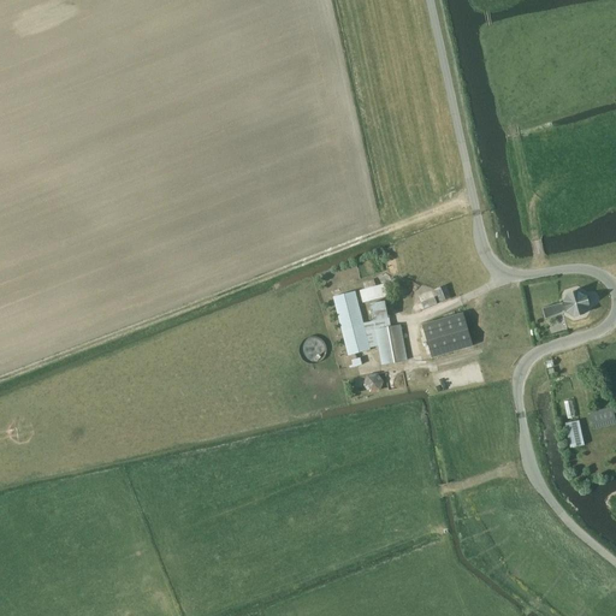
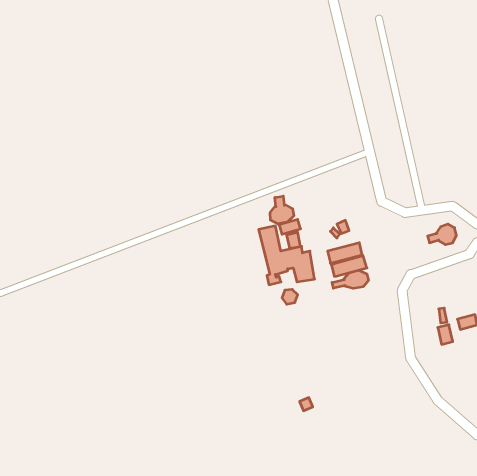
building: none -> [270,196,294,224]
building: none -> [332,270,368,288]

